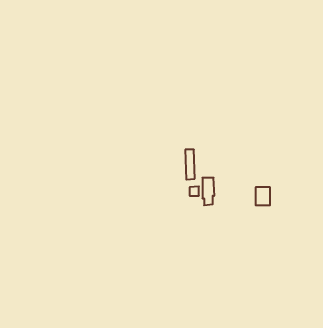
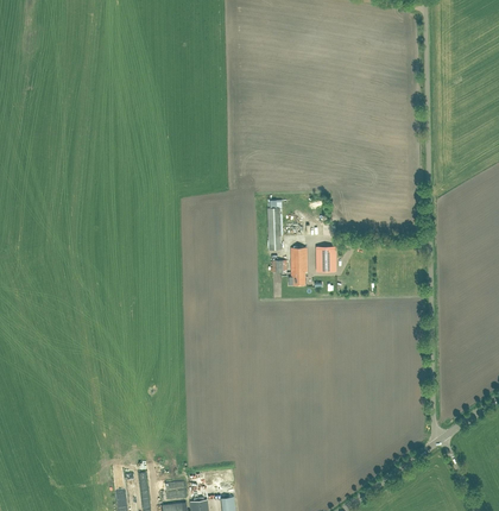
building: [256,187,270,205] -> [316,247,336,272]

